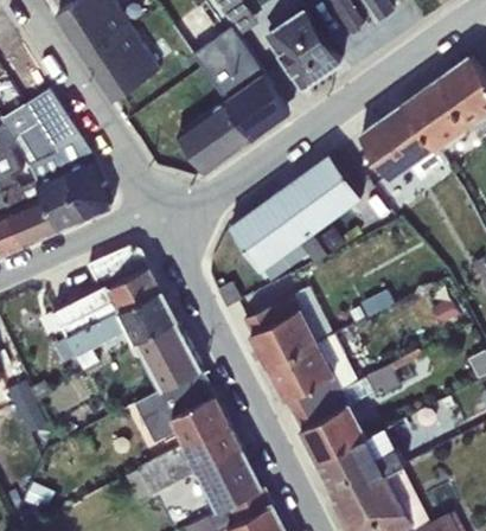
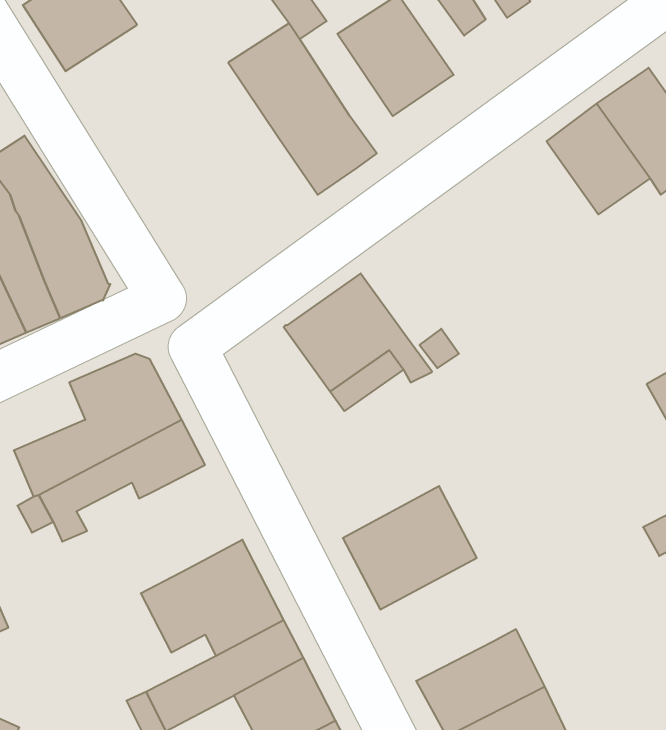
building: [83,27,159,102] -> none
building: [175,102,251,174] -> none
building: [358,104,443,180] -> none
building: [279,154,360,235] -> none
building: [242,286,331,367] -> none
building: [141,319,200,390] -> none
building: [292,350,420,462] -> none

